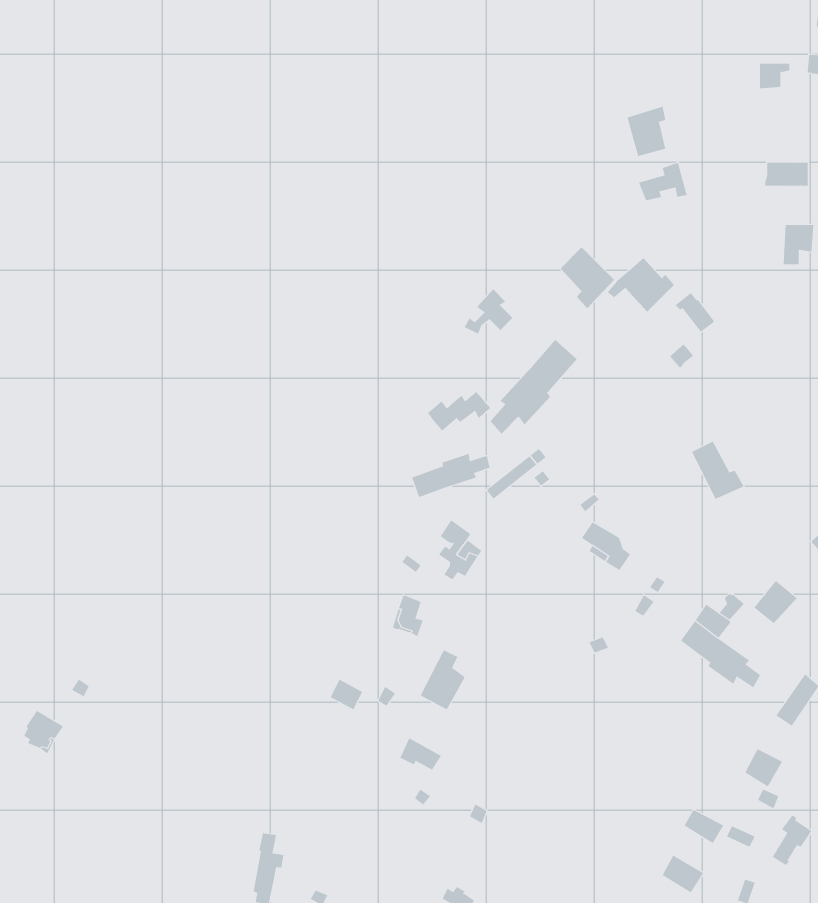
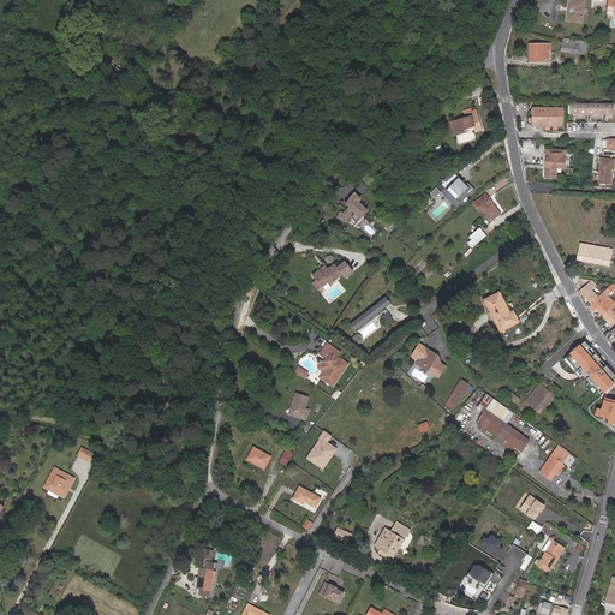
building: [627,106,666,157] -> none
building: [560,247,615,309] -> none
building: [490,339,577,435] -> none
building: [411,453,490,498] -> none
building: none -> [375,524,407,557]

